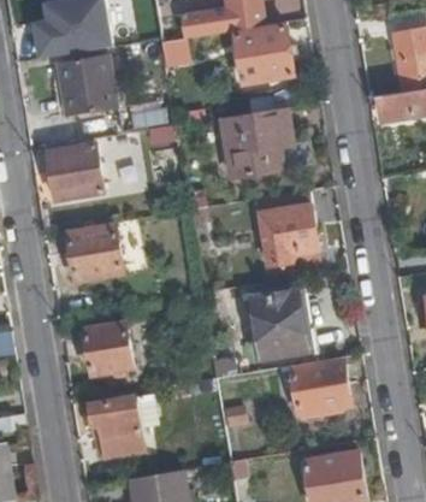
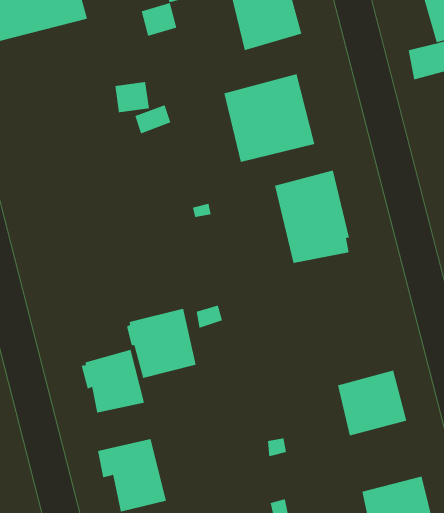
building: [53,53,112,116] -> none
building: [47,144,102,199] -> none
building: [65,225,120,280] -> [126,308,196,379]
building: [249,290,309,358] -> none

